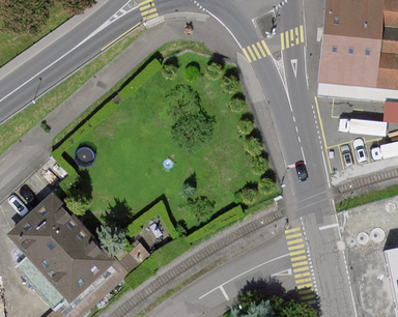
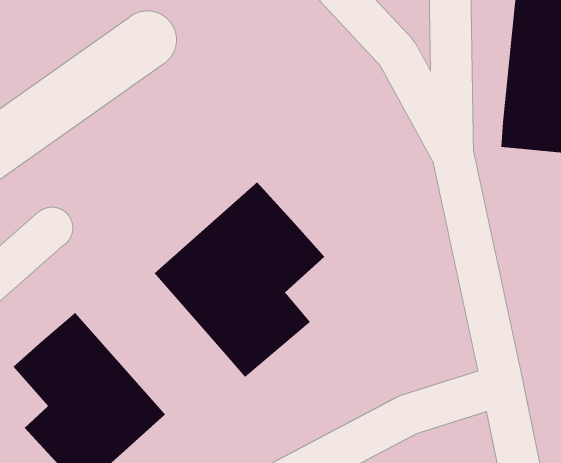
building: none -> [154,181,325,378]

